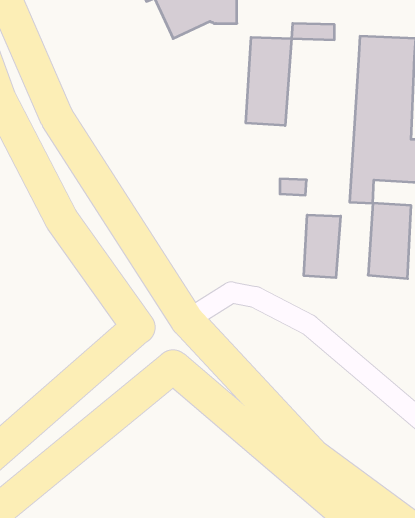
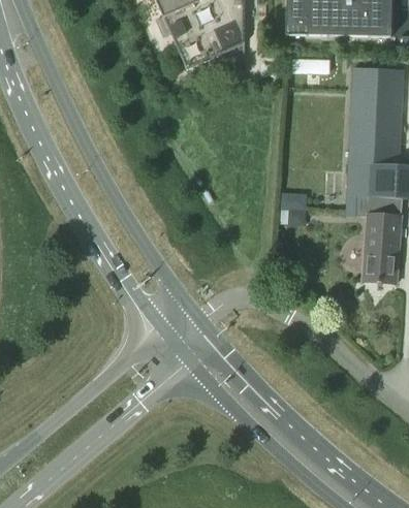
building: [246,37,291,126] -> none
building: [304,215,341,278] -> none

